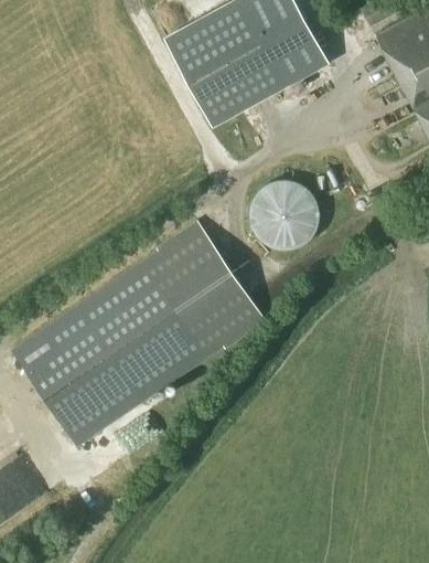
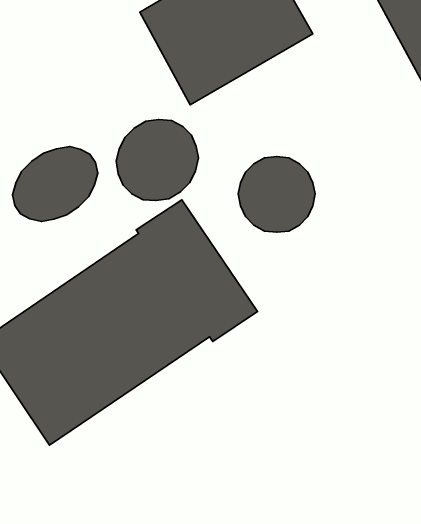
building: none -> [116,120,198,201]
building: none -> [13,147,98,221]

